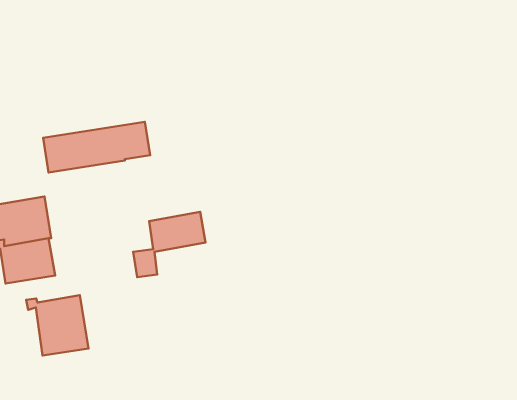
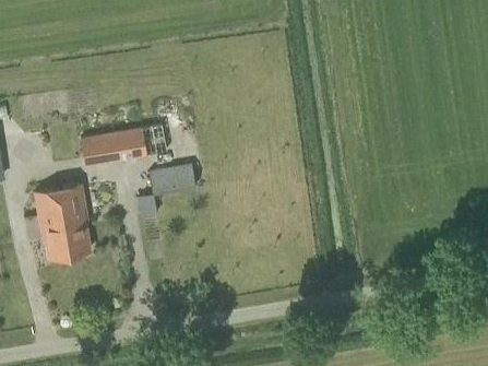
building: [133,212,205,277] -> [136,164,195,217]
building: [26,295,88,355] -> none

